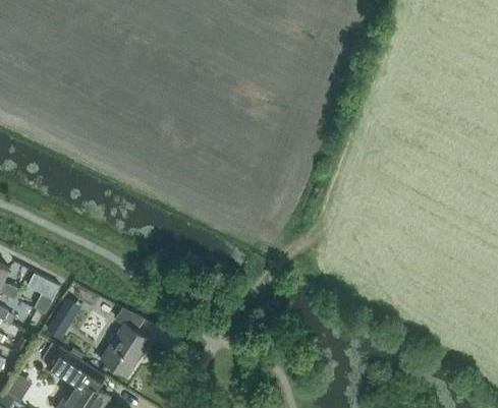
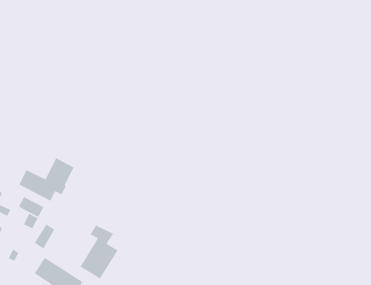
building: none -> [18,157,75,202]

